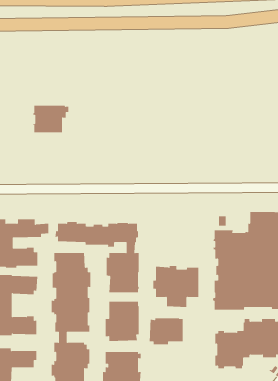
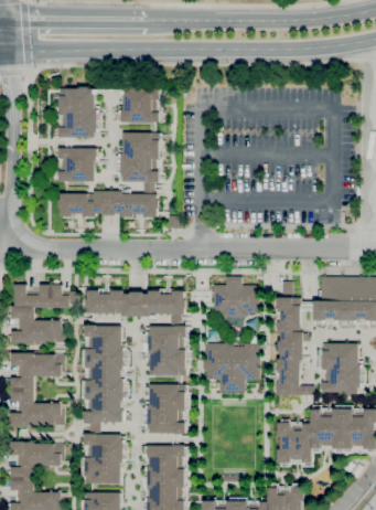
building: none -> [57,86,103,138]
building: none -> [119,87,161,123]
building: none -> [57,132,163,219]
building: none -> [212,276,258,317]
building: [149,317,183,345] -> none

